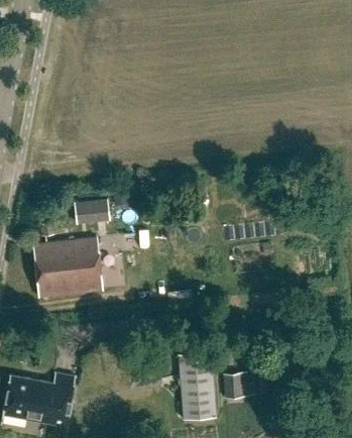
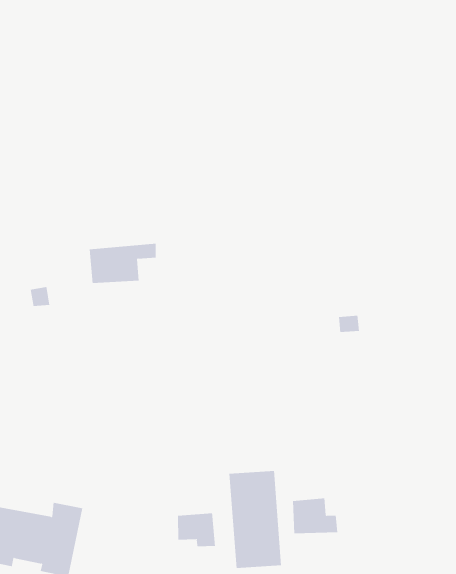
building: [33,237,103,297] -> none
building: none -> [178,512,215,547]

